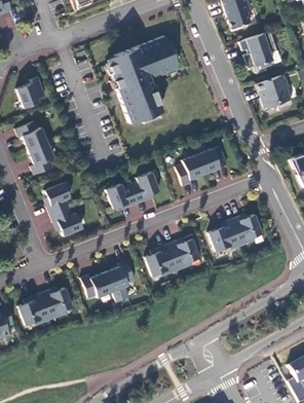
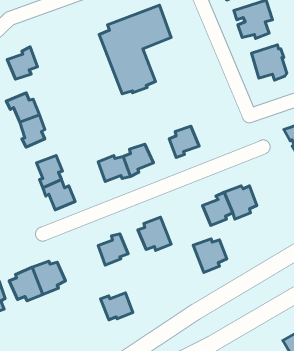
building: [197,145,228,174] -> none
building: [167,237,200,270] -> [193,239,227,272]
building: [81,271,113,298] -> [100,293,133,320]

